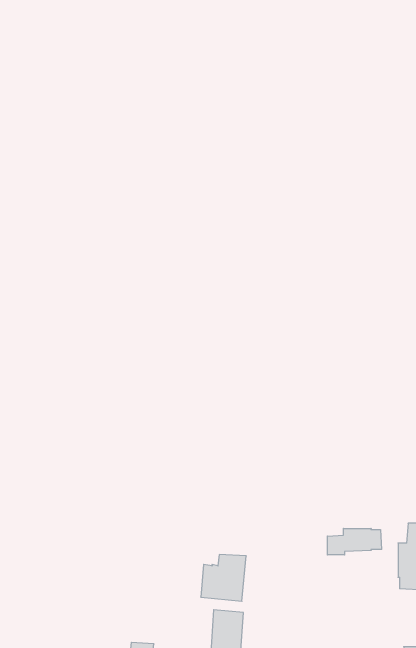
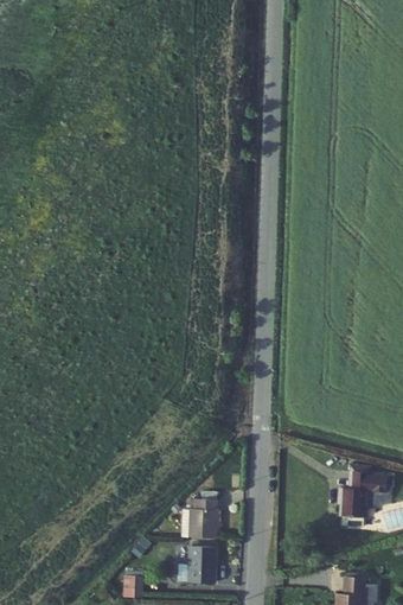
building: [327,528,382,555] -> none

